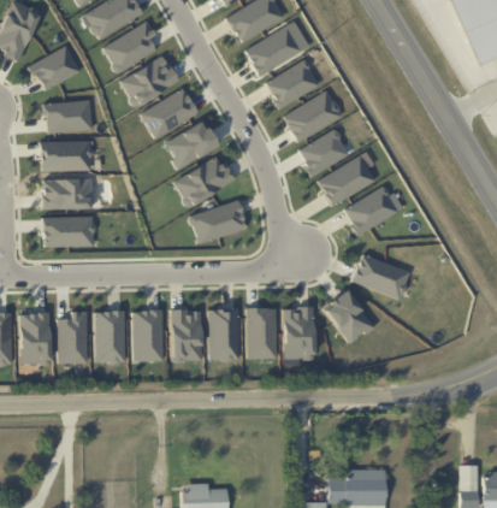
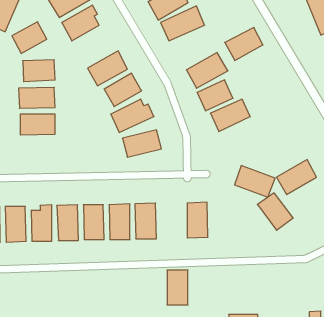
building: [118,55,177,106] -> none
building: [264,60,319,108] -> [225,27,263,61]
building: [343,184,401,235] -> [277,160,316,195]
building: [41,217,94,247] -> none
building: [321,290,373,344] -> [257,193,293,230]
building: [245,308,276,359] -> [167,270,188,305]

